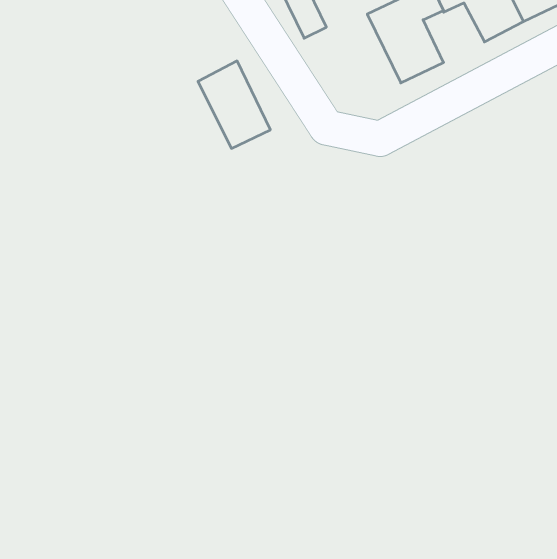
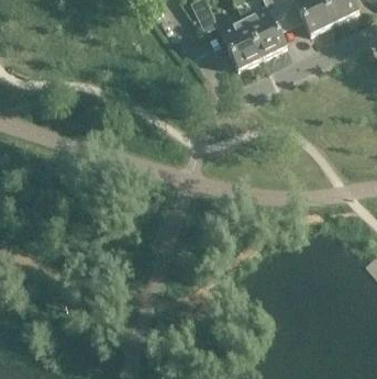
building: [198,61,270,148] -> [220,19,263,70]

